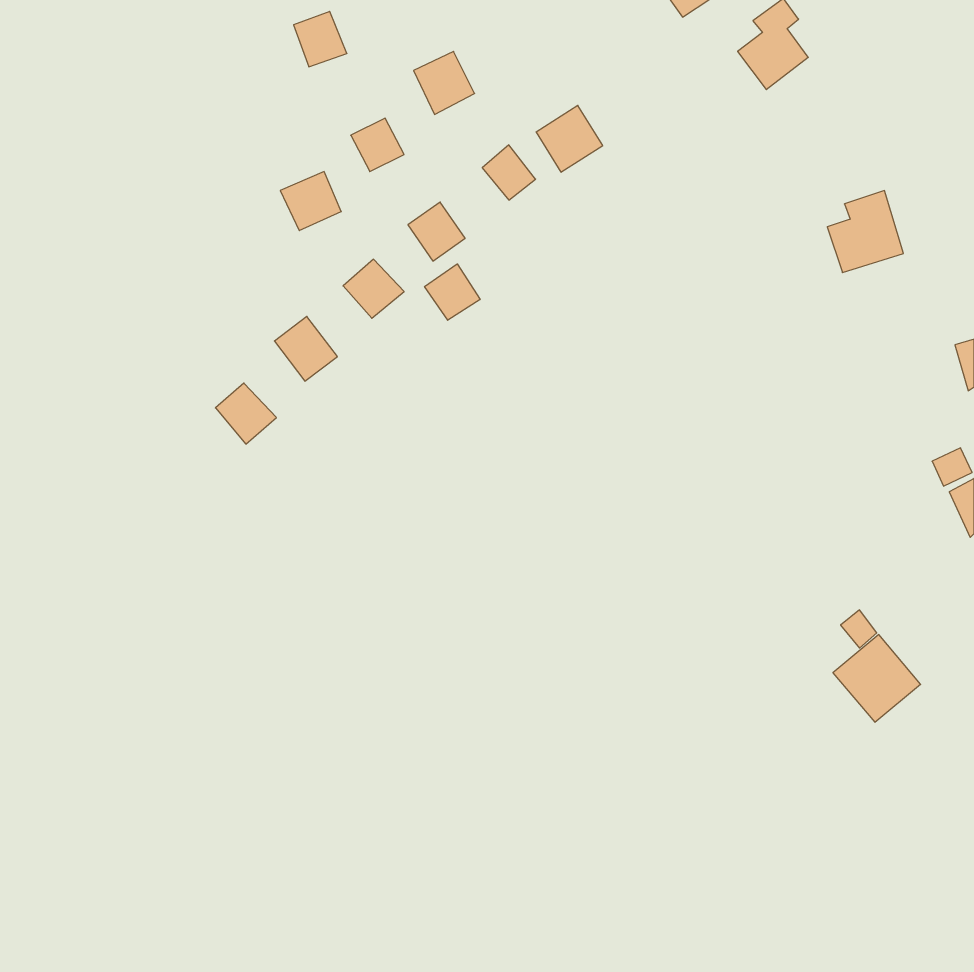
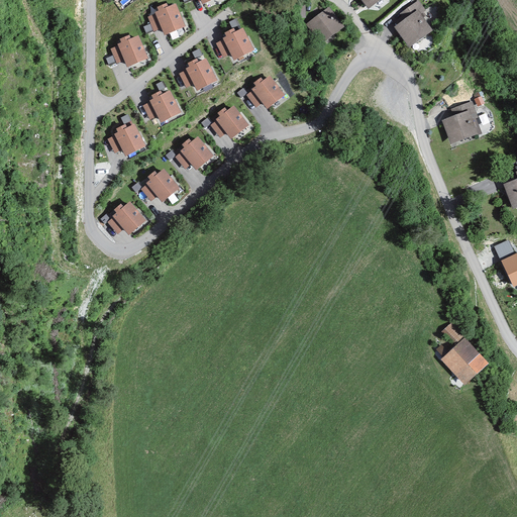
building: none -> [119,33,151,64]
building: [536,105,603,172] -> [303,8,338,43]
building: none -> [115,122,146,153]
building: [425,264,480,320] -> none

